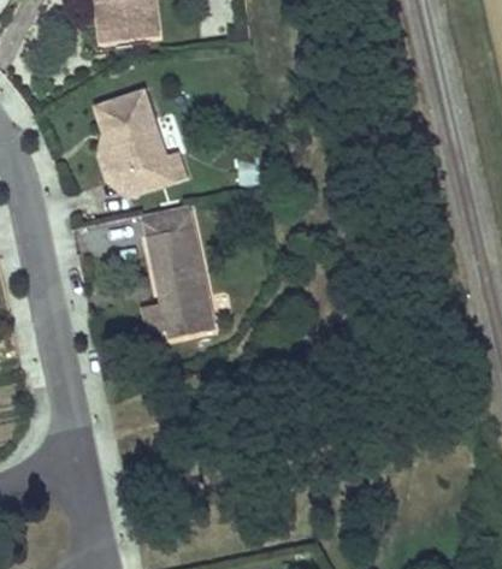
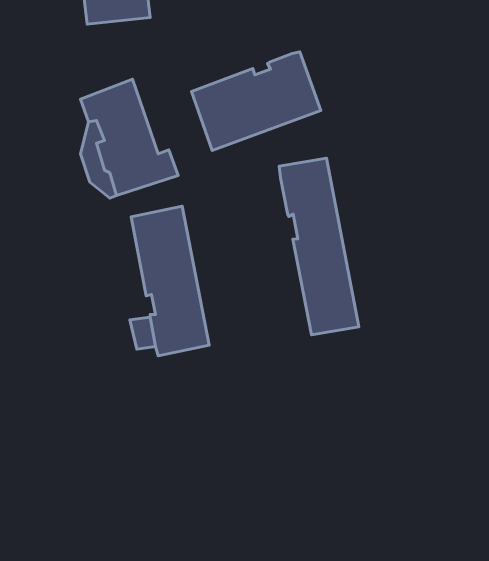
building: none -> [191,52,321,150]
building: none -> [279,158,359,335]

